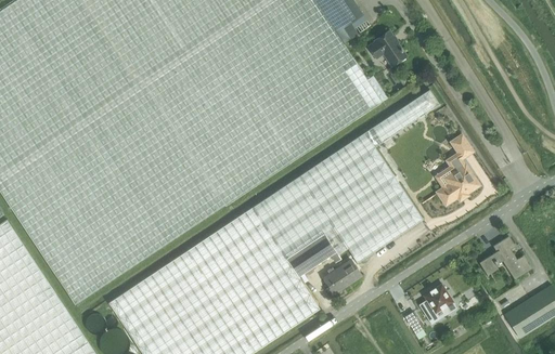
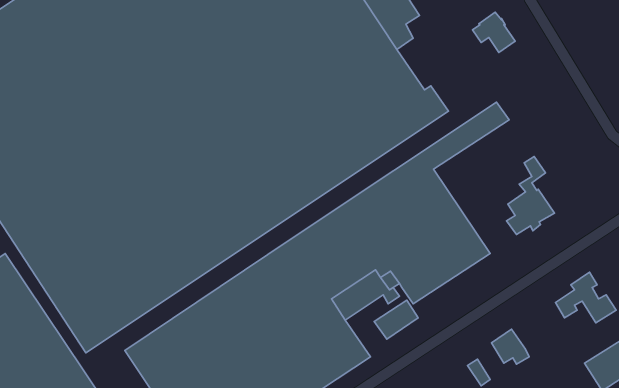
building: [369,31,405,66] -> [472,12,515,53]

